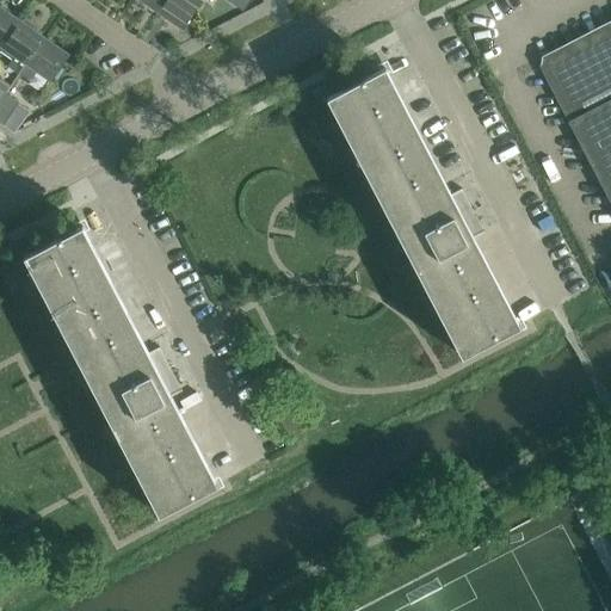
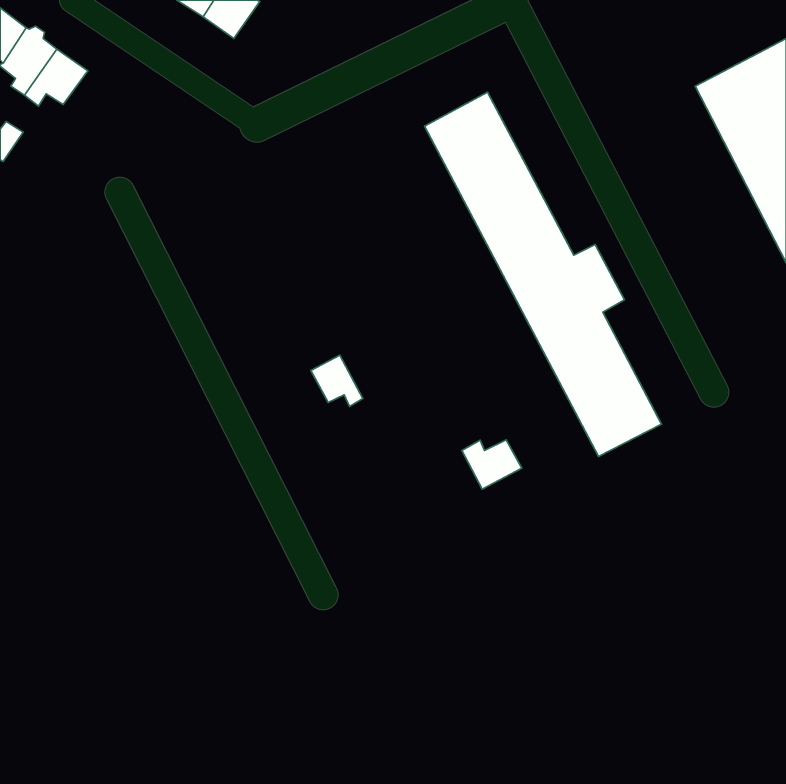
building: [27,230,211,514] -> none
building: none -> [311,355,363,406]
building: none -> [462,440,522,489]

